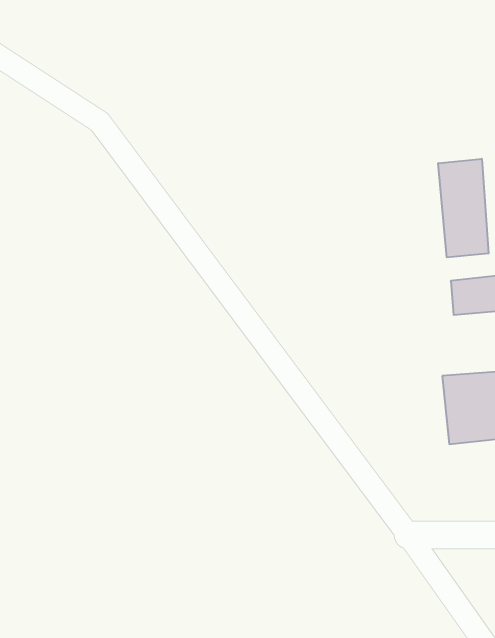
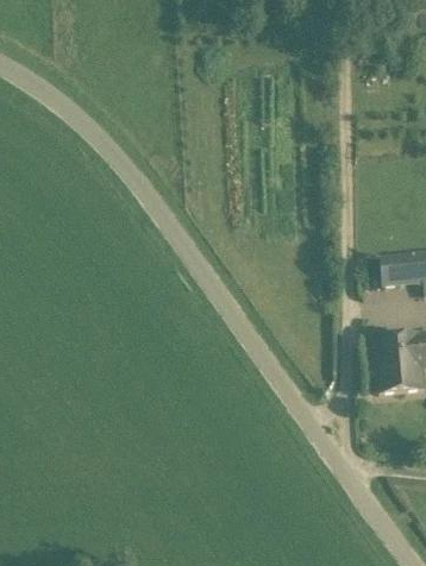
building: [438,159,489,257] -> none

